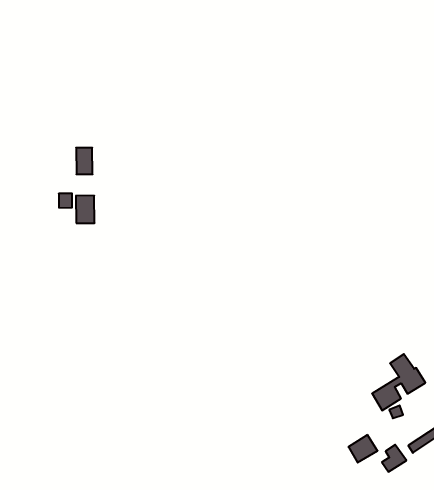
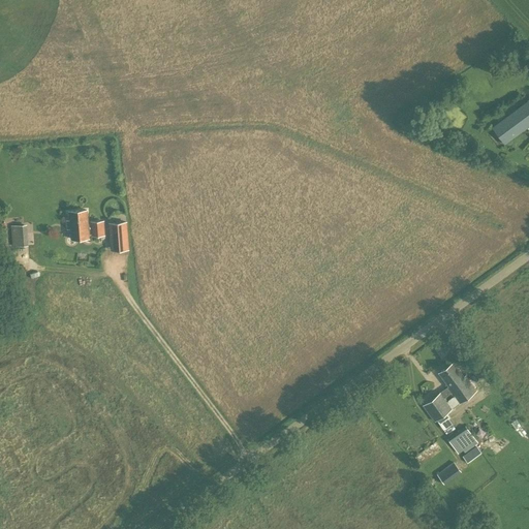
building: [76,148,93,174] -> [69,212,88,240]
building: [348,435,378,463] -> [447,426,477,455]

